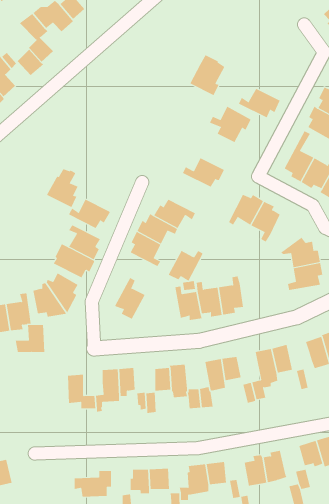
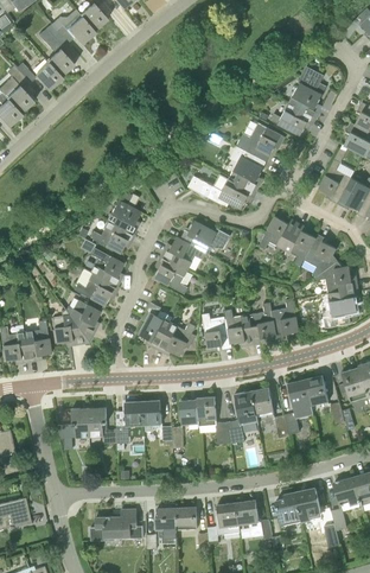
building: [189,55,225,96] -> [288,72,326,116]
building: none -> [229,152,266,190]
building: [46,169,78,208] -> [106,192,140,234]
building: none -> [304,234,337,278]
building: [168,250,204,281] -> [157,323,194,356]
building: none -> [272,298,298,339]
building: [15,325,45,352] -> [57,408,89,438]

